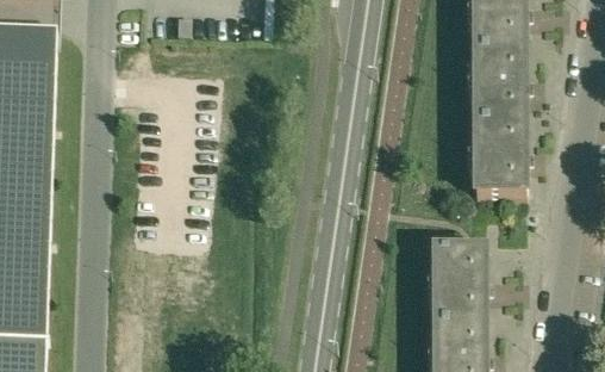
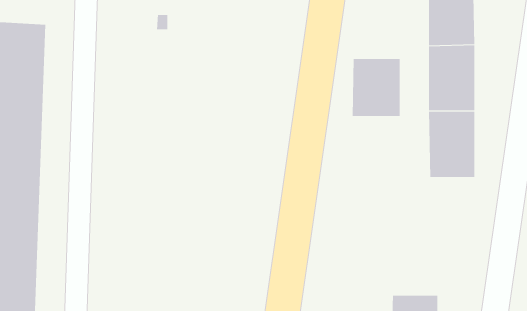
building: none -> [352,58,400,117]
building: [434,252,485,324] -> none

